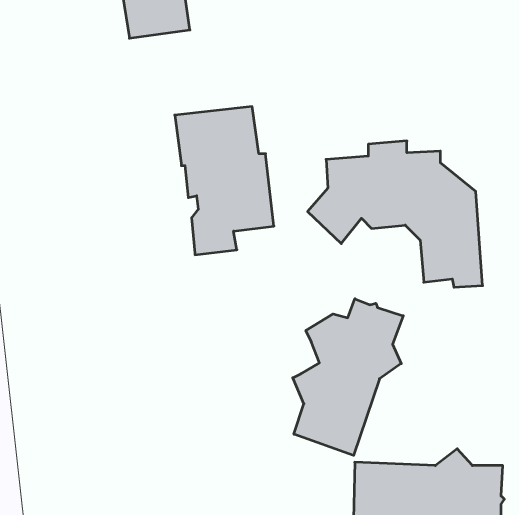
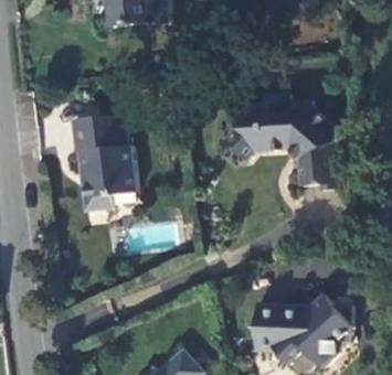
building: [175,107,274,255] -> [72,114,137,211]
building: [293,299,403,455] -> none

